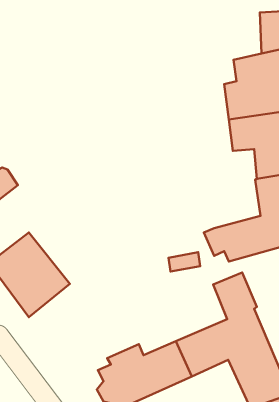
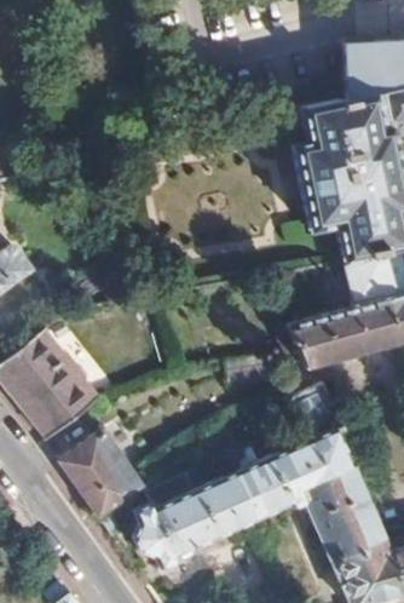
building: none -> [59,432,140,534]

